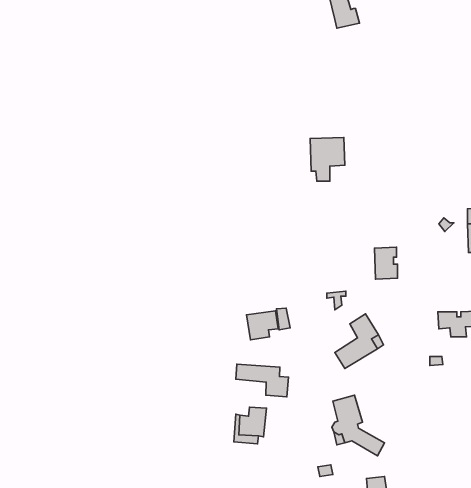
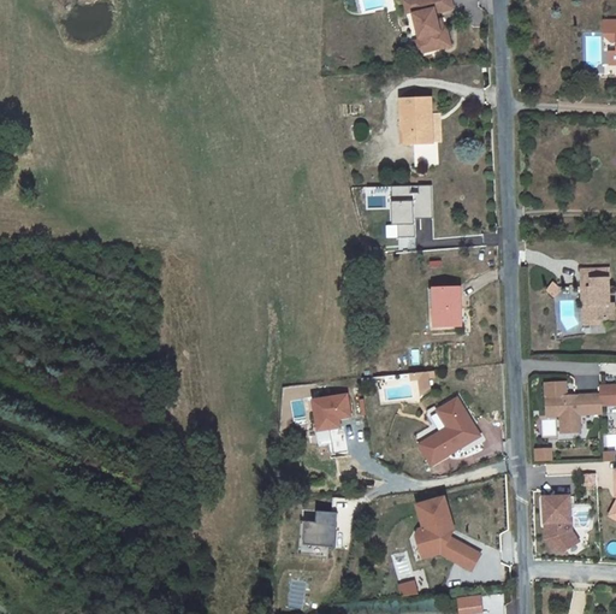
building: none -> [399,98,437,165]
building: [375,247,397,279] -> [432,287,460,325]
building: [236,364,288,397] -> none
building: none -> [543,496,576,550]

